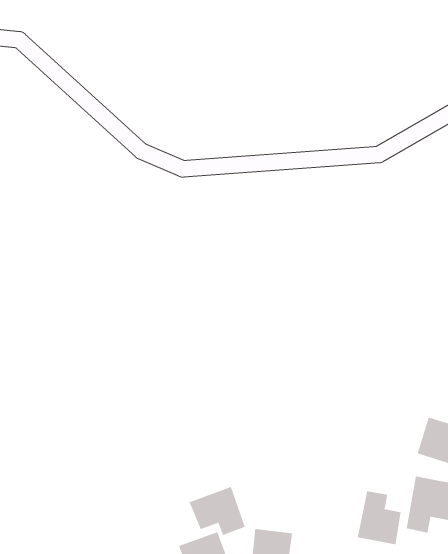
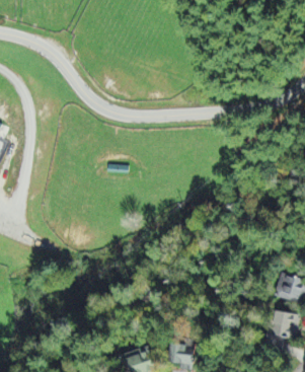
building: [189,486,246,536] -> none
building: [357,491,401,545] -> none

